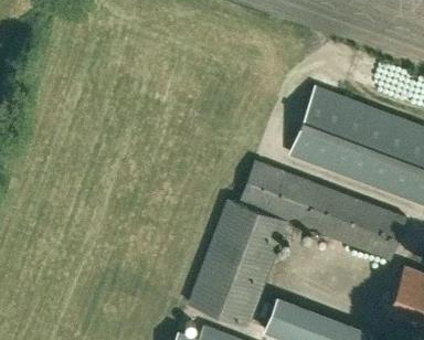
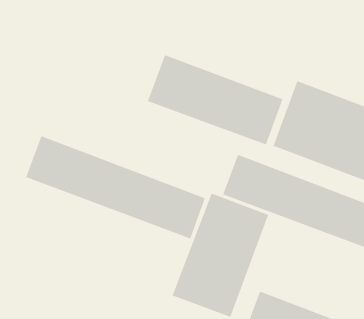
building: none -> [147,54,284,146]
building: none -> [25,135,206,239]

